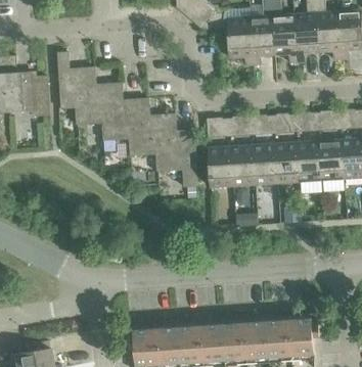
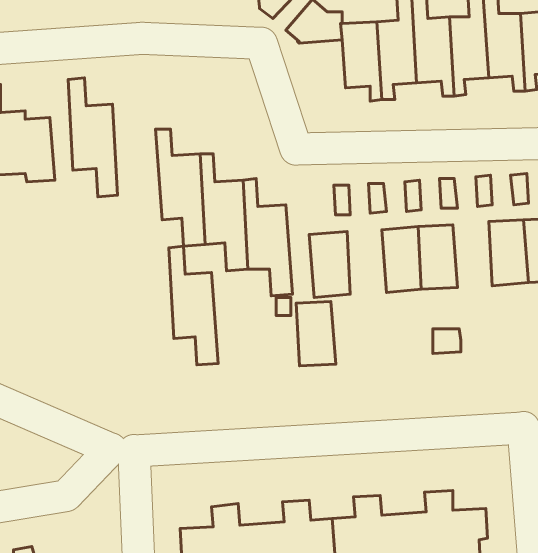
building: [86,66,117,140] -> [169,246,218,365]
building: [297,140,321,181] -> none
building: [231,145,256,185] -> [296,301,336,366]

